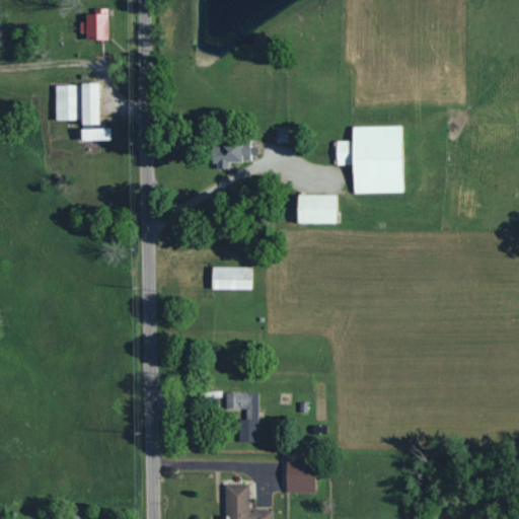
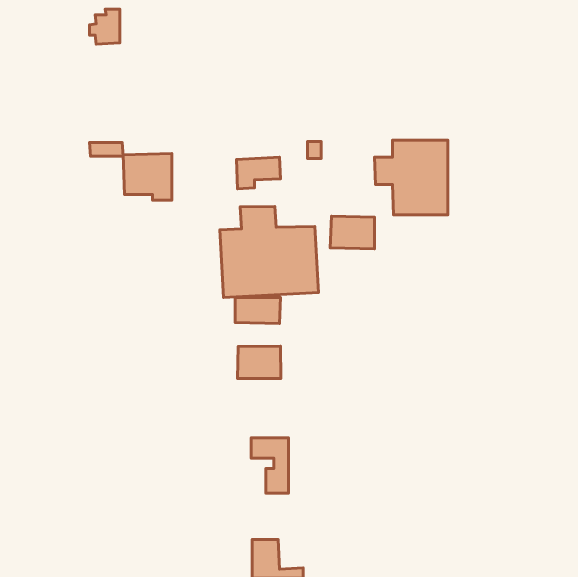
building: [55,84,98,126] -> [123,154,172,200]
building: none -> [220,206,318,297]
building: none -> [237,346,281,378]
building: [285,462,315,493] -> none

